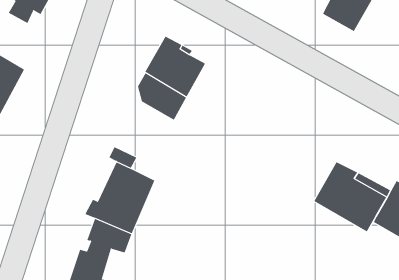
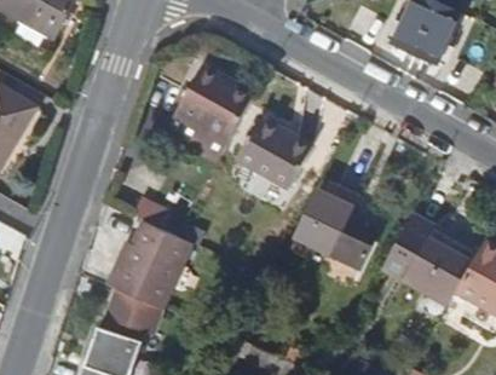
building: none -> [232,116,310,188]
building: none -> [293,189,371,270]

